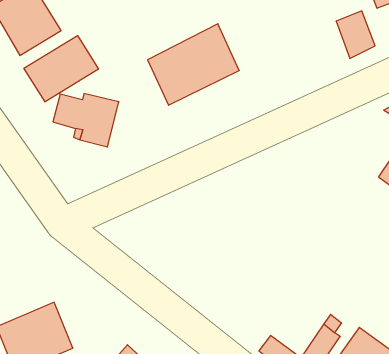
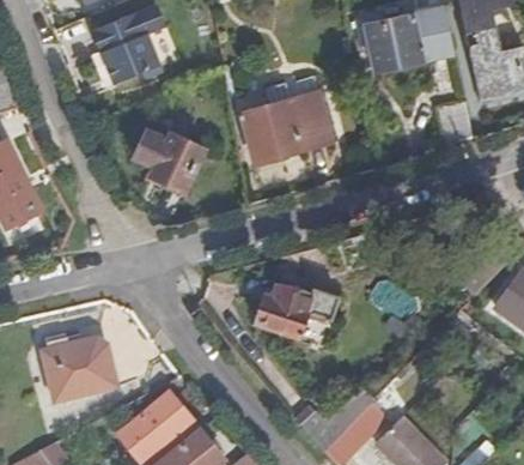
building: [24,36,98,102] -> none
building: none -> [258,289,340,338]

